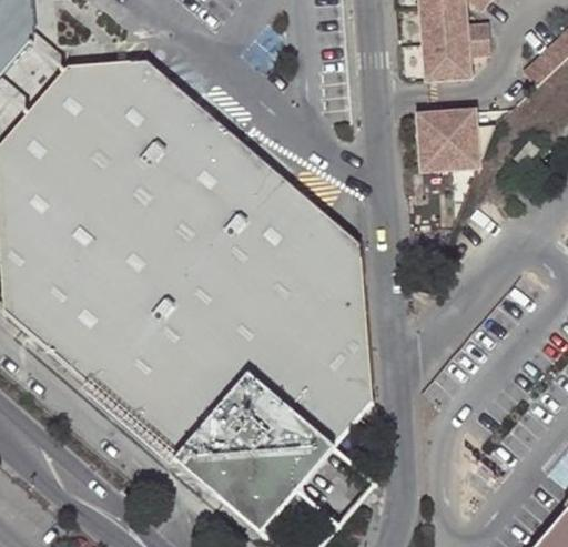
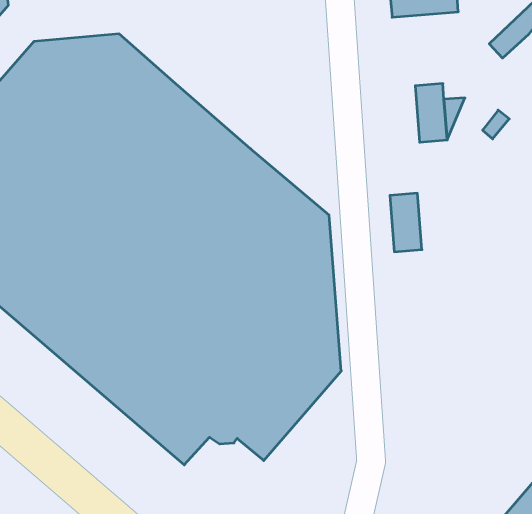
building: [423,38,490,80] -> none
building: [418,112,450,171] -> [390,193,422,252]
building: [214,465,294,530] -> none

